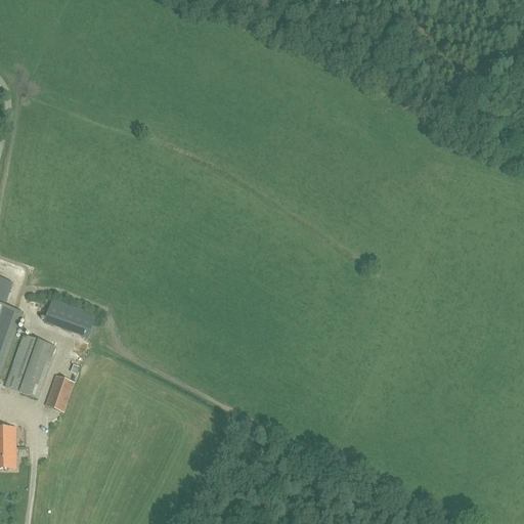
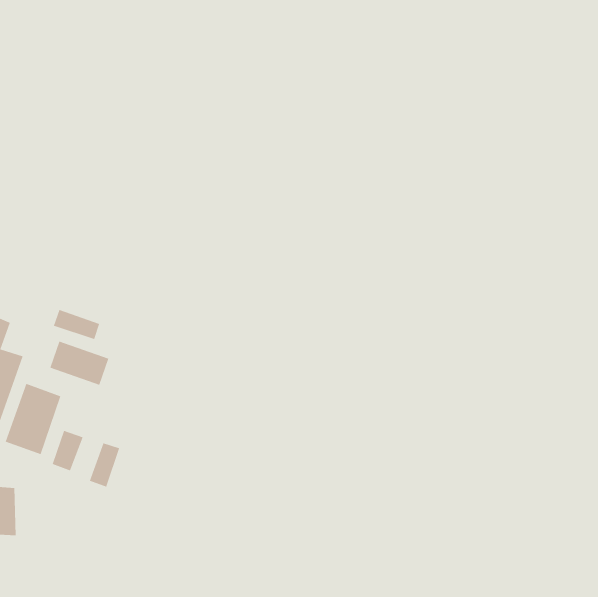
building: none -> [53,309,100,340]
building: none -> [89,442,120,487]

